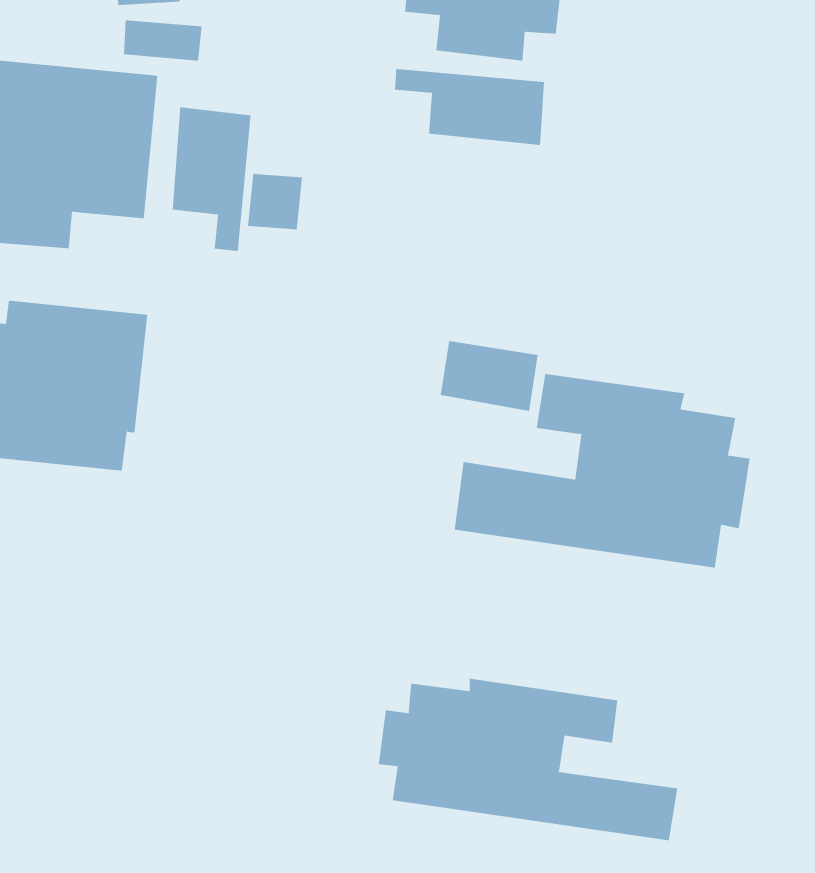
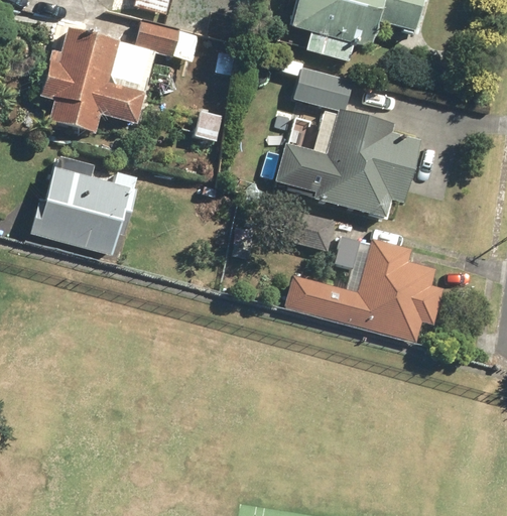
building: [172,107,251,252] -> none
building: none -> [274,111,420,219]
building: [378,678,678,841] -> none

